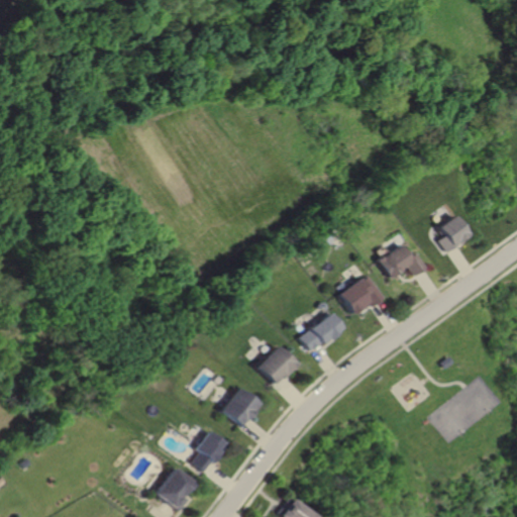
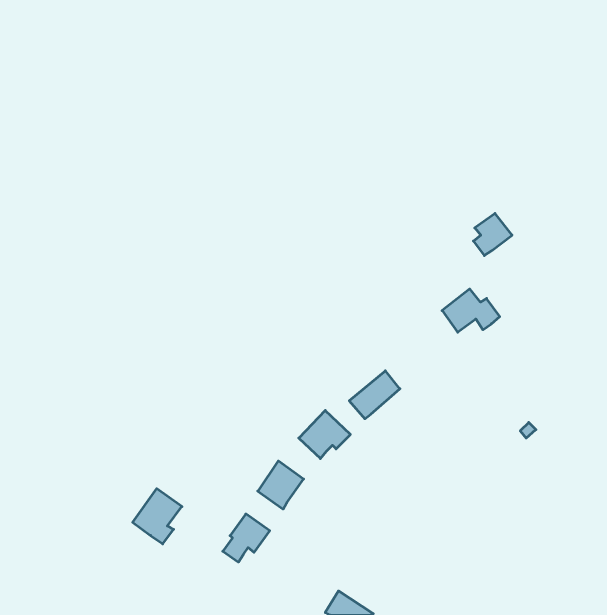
building: [439,216,472,251] -> [473,213,512,256]
building: [341,275,383,312] -> none
building: [160,466,201,512] -> [133,489,182,544]

